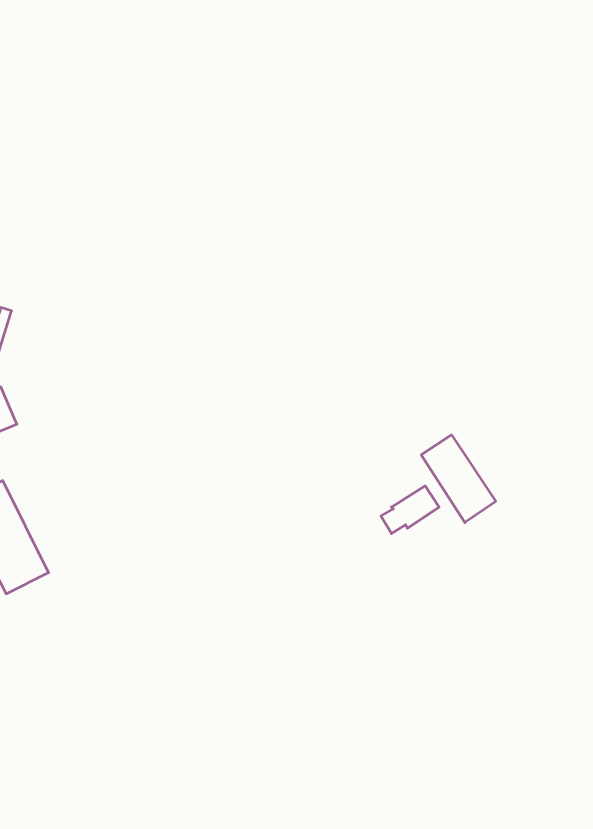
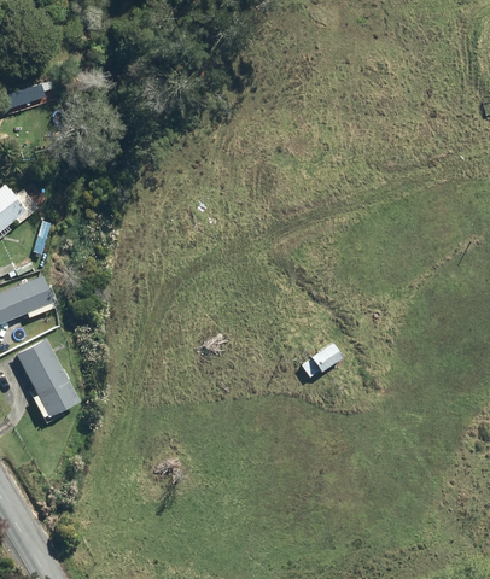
building: [421,435,496,523] -> none

